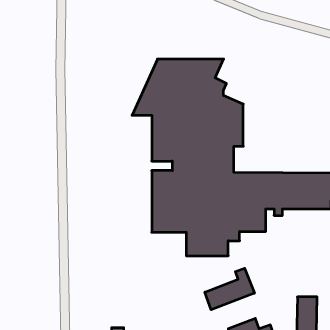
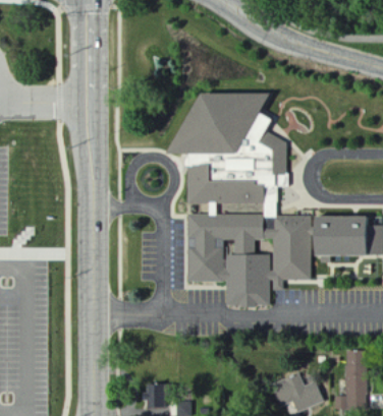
building: [205,268,254,310] -> none

